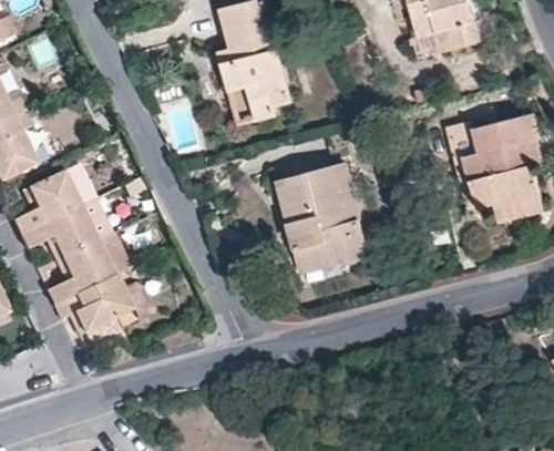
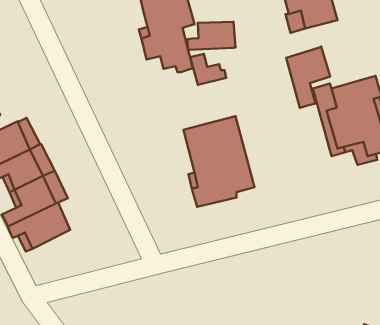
building: none -> [188,22,235,50]
building: none -> [286,47,330,108]
building: [230,85,277,125] -> [190,54,226,85]

